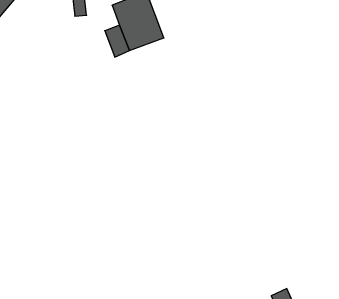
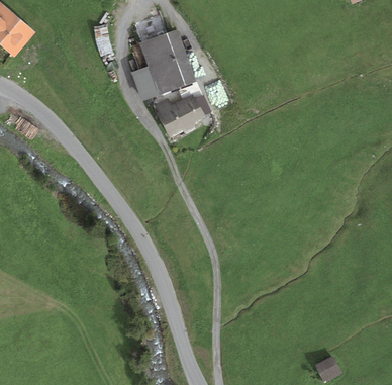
building: none -> [155,92,211,137]

